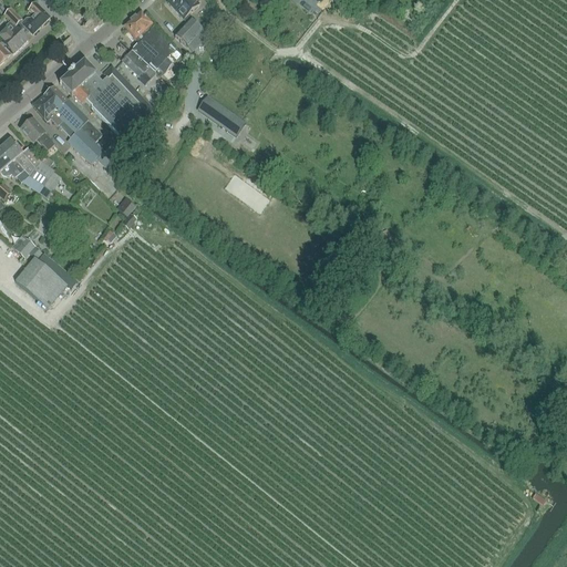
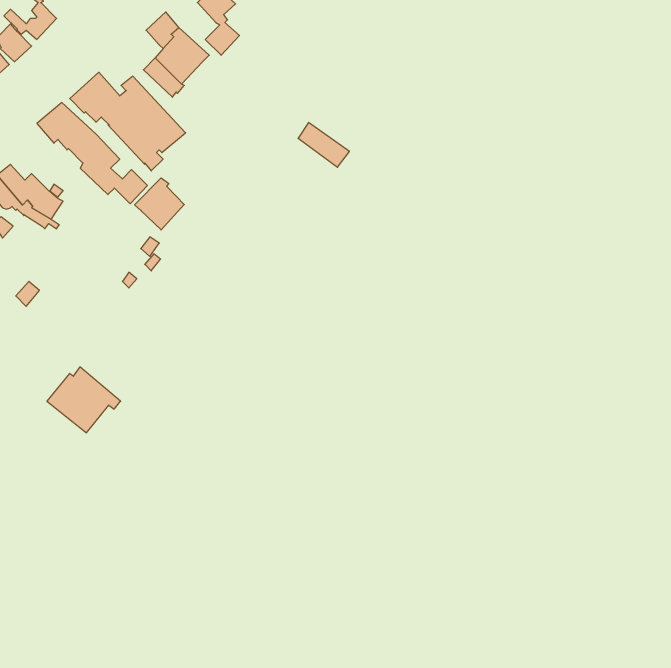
building: [202,97,245,135] -> [298,122,349,167]
building: [19,118,53,150] -> none
building: none -> [135,178,184,230]
building: [14,251,76,307] -> [47,367,121,433]

